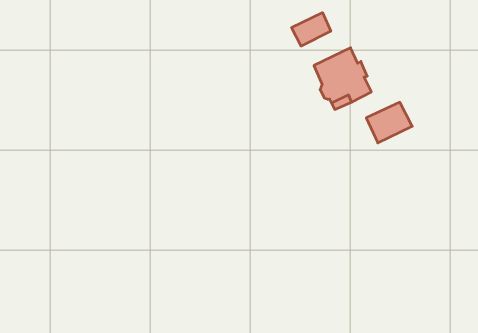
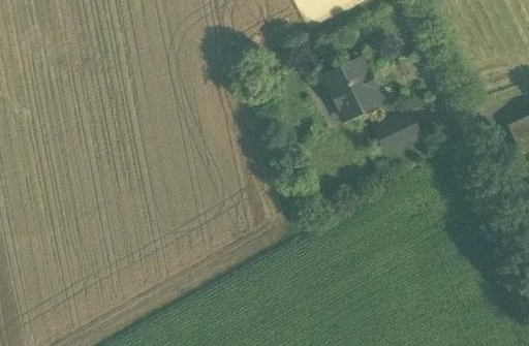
building: [292,13,331,46] -> none

